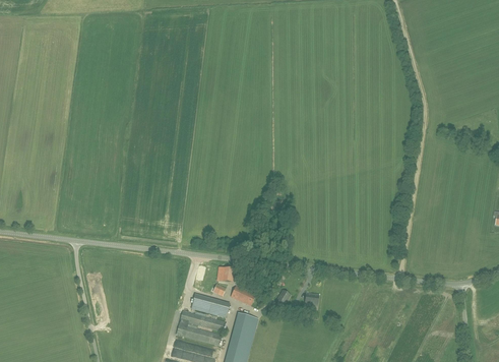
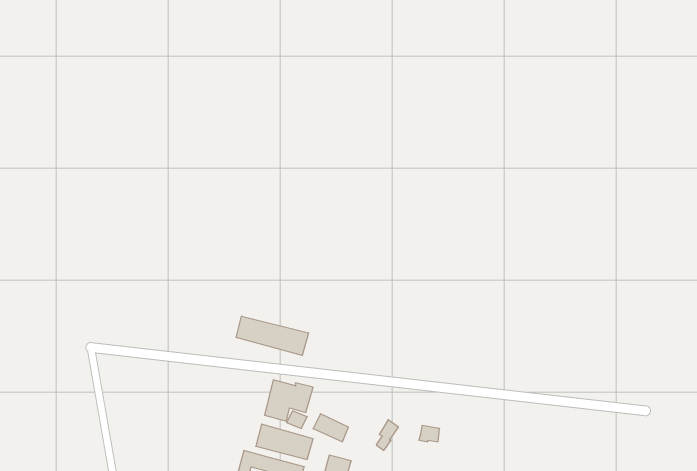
building: none -> [236,316,308,356]

